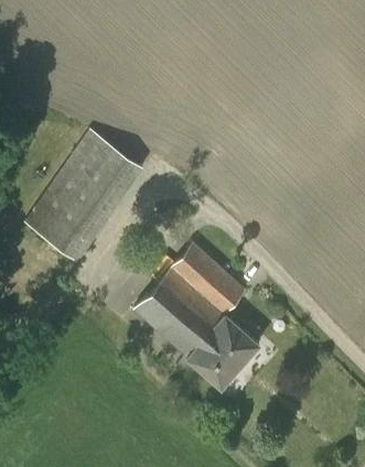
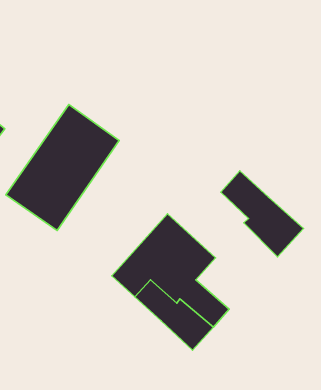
building: none -> [221,171,304,257]

